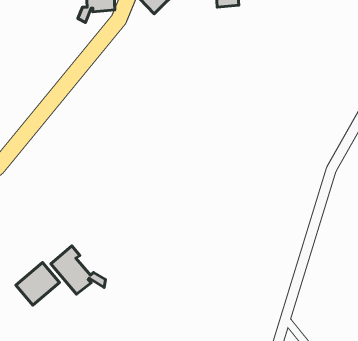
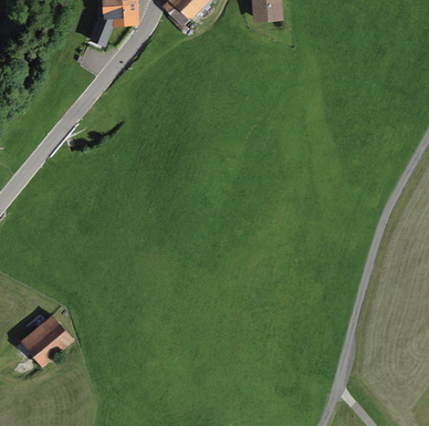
building: [51,246,105,294] -> none

